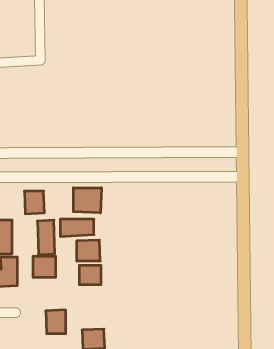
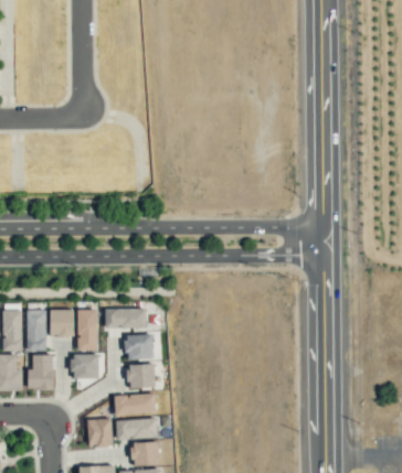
building: [73,188,101,213] -> none
building: [24,191,44,214] -> [50,309,74,336]
building: none -> [114,393,155,413]
building: none -> [116,418,157,439]

